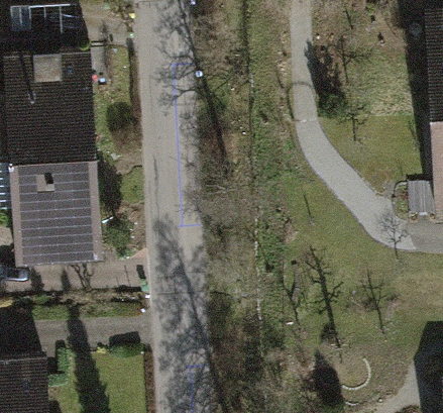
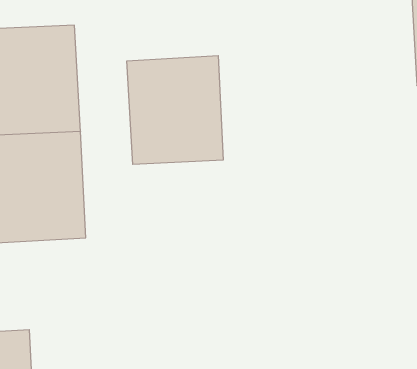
building: none -> [127,56,223,164]

